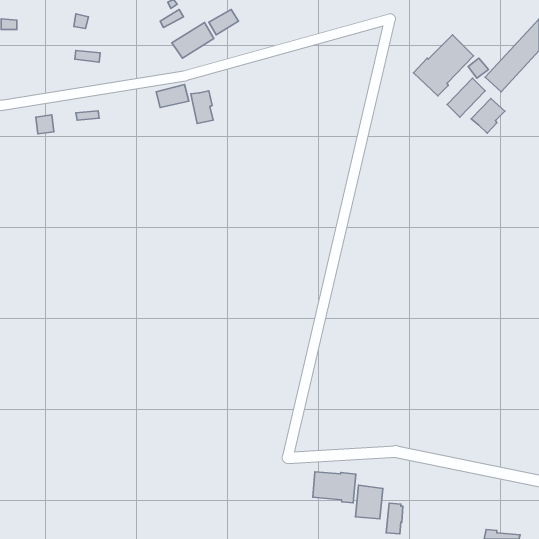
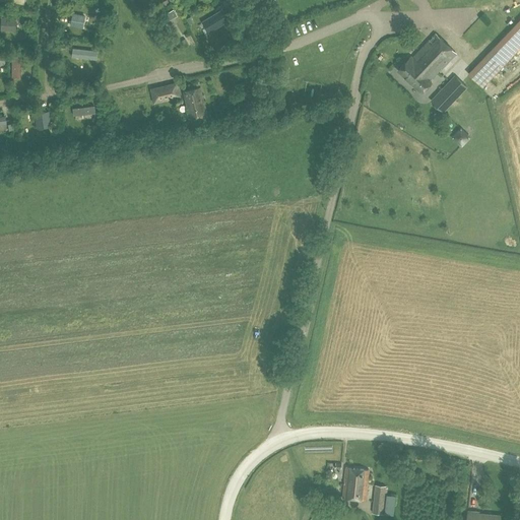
building: [172,23,214,58] -> none
building: [471,98,505,133] -> none
building: [313,472,356,503] -> none

